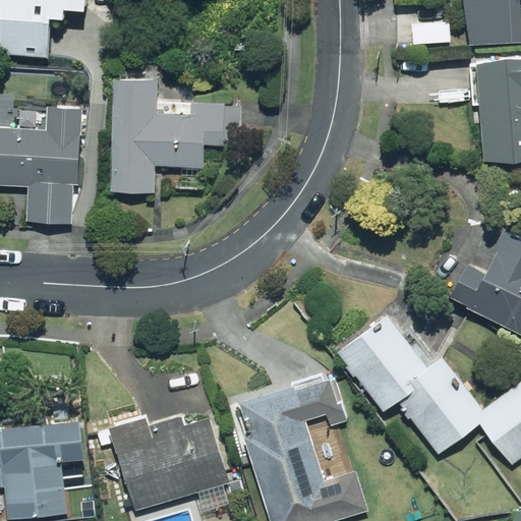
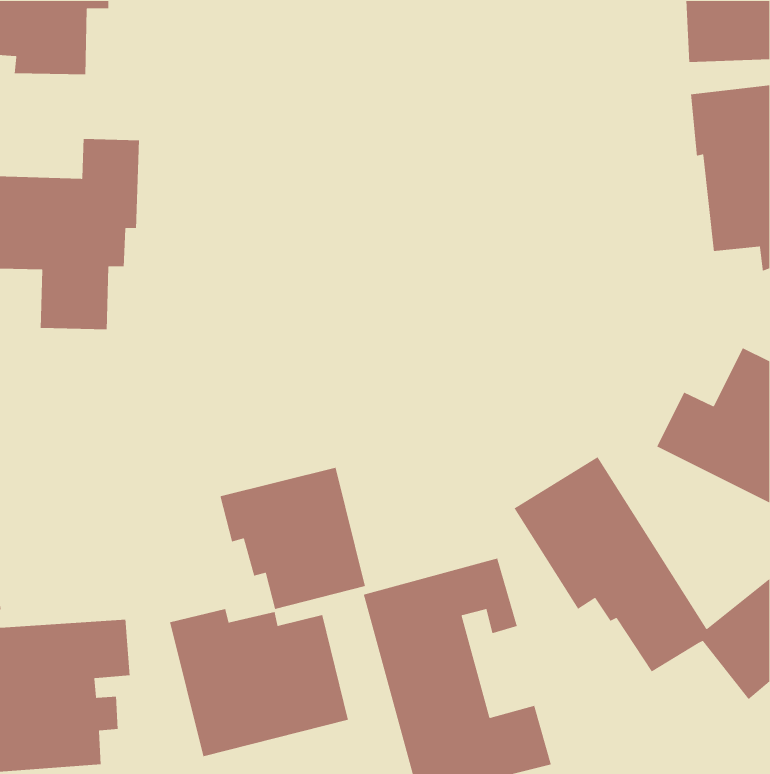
building: [110,70,231,196] -> none
building: none -> [220,467,366,610]

